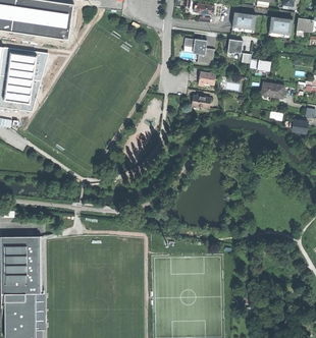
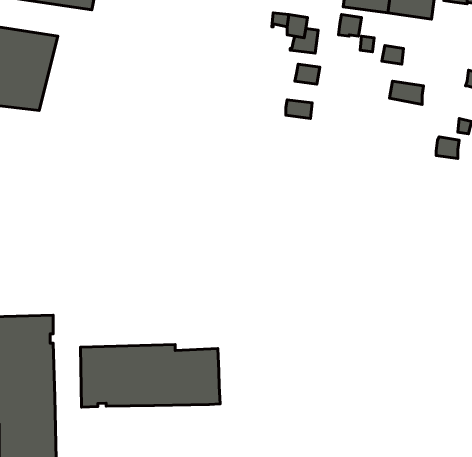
building: none -> [80,345,220,407]

